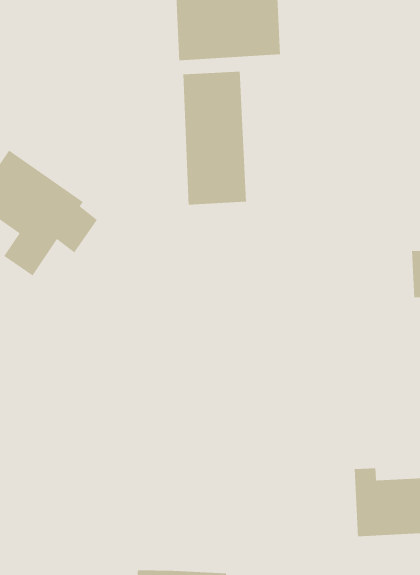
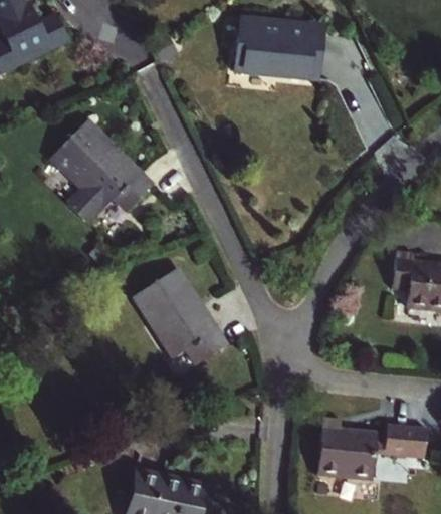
building: [183,71,247,205] -> none
building: none -> [135,270,223,365]

